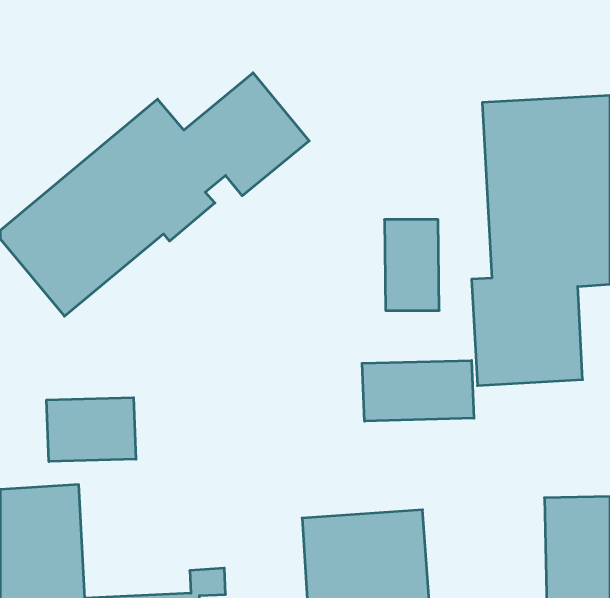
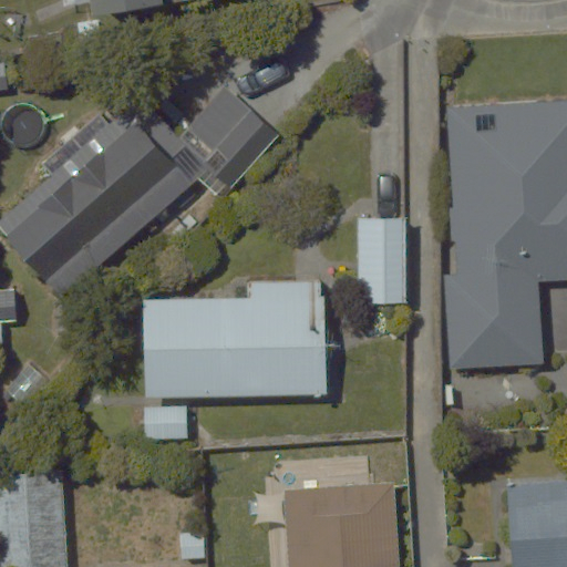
building: none -> [137,276,331,449]
building: [362,360,474,421] -> none
building: [47,398,136,462] -> none

